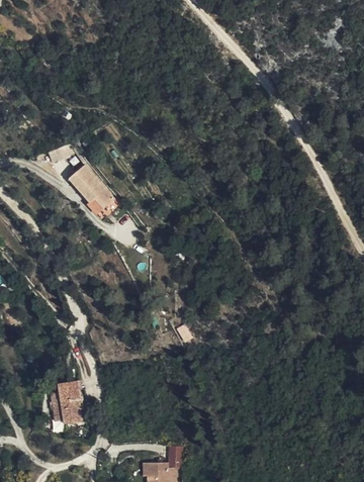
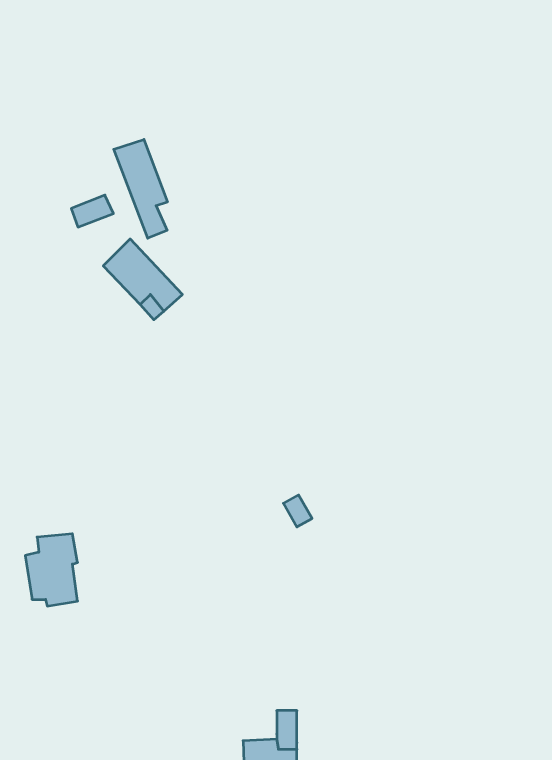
building: none -> [114,139,167,238]
building: [53,378,84,421] -> [25,534,78,606]

